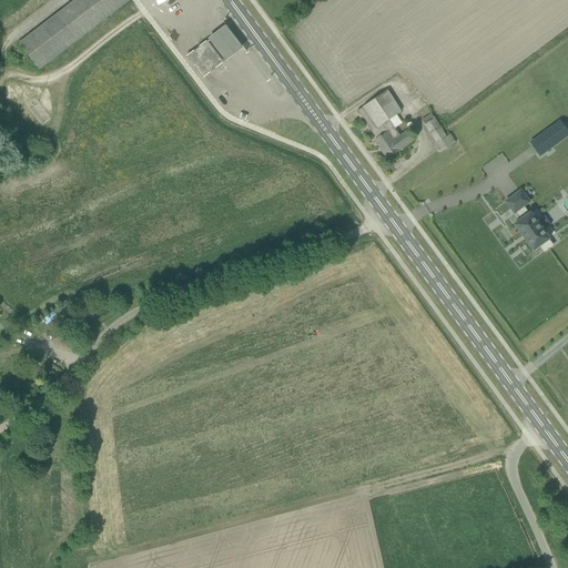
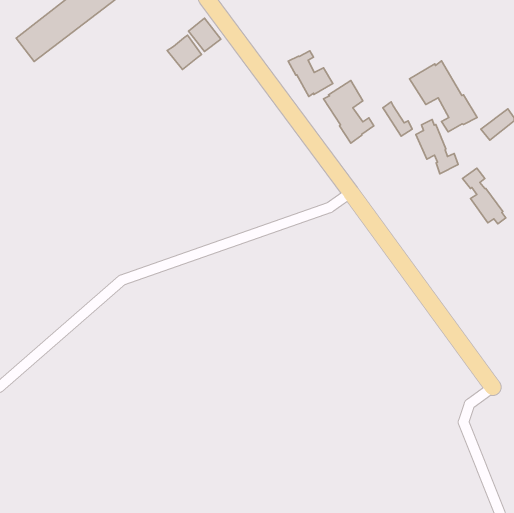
building: none -> [288,51,333,97]
building: none -> [410,61,477,132]
building: none -> [416,120,458,174]

